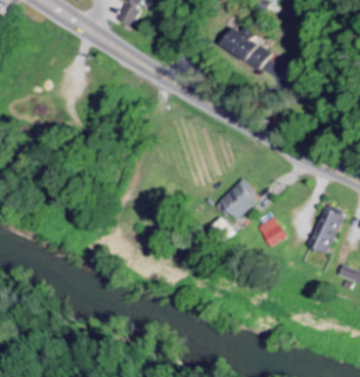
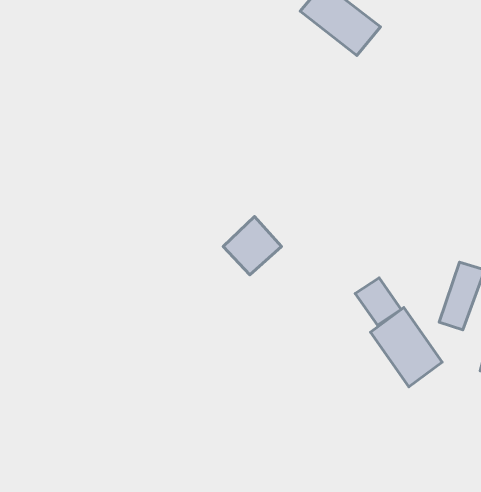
building: [222,181,260,219] -> [223,217,281,275]
building: none -> [371,308,442,387]

